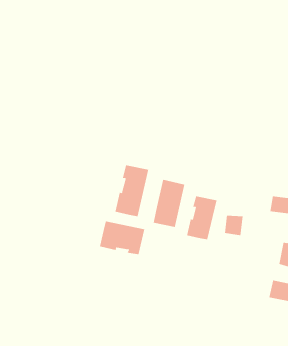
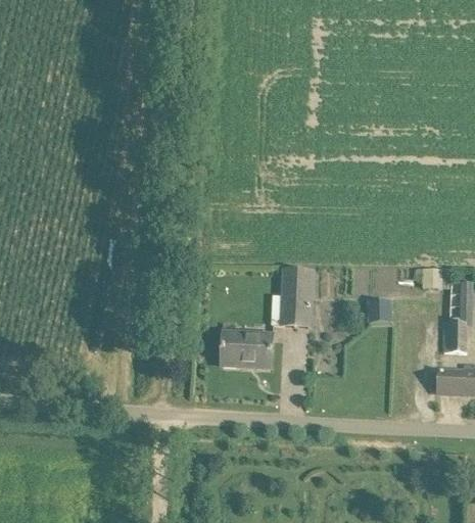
building: [115,164,149,217] -> none
building: [186,195,217,240] -> none

